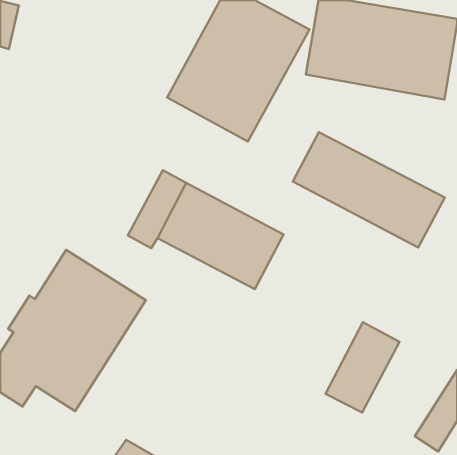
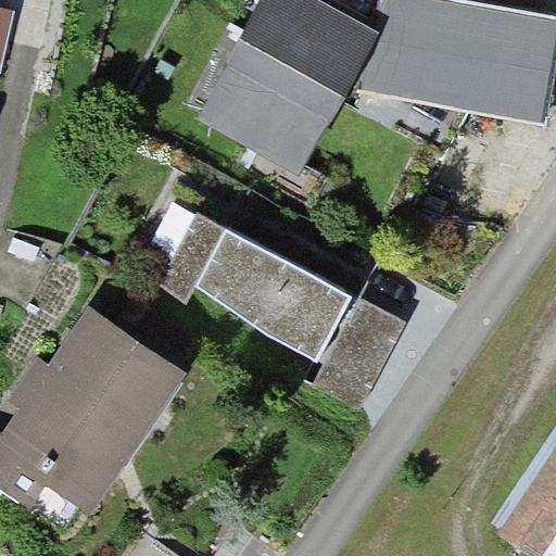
building: [293,132,445,247] -> none
building: [325,322,400,413] -> [307,300,397,409]

